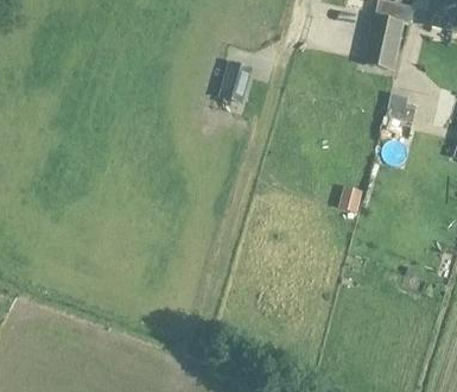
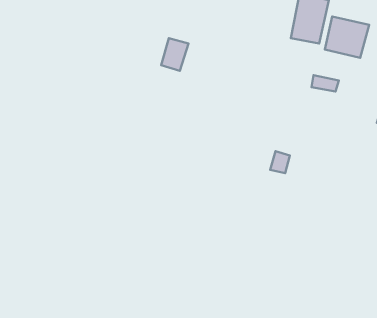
building: none -> [325,17,369,58]

